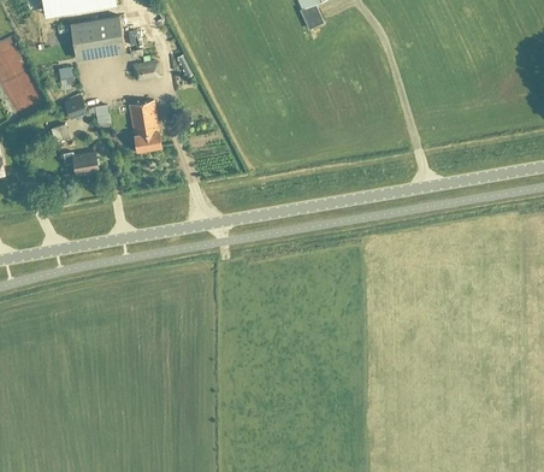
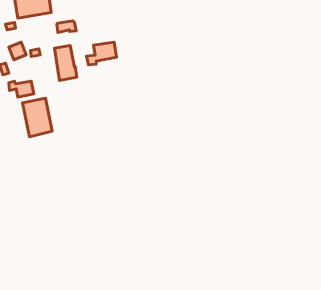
building: none -> [86,42,116,65]
building: none -> [23,98,52,137]

